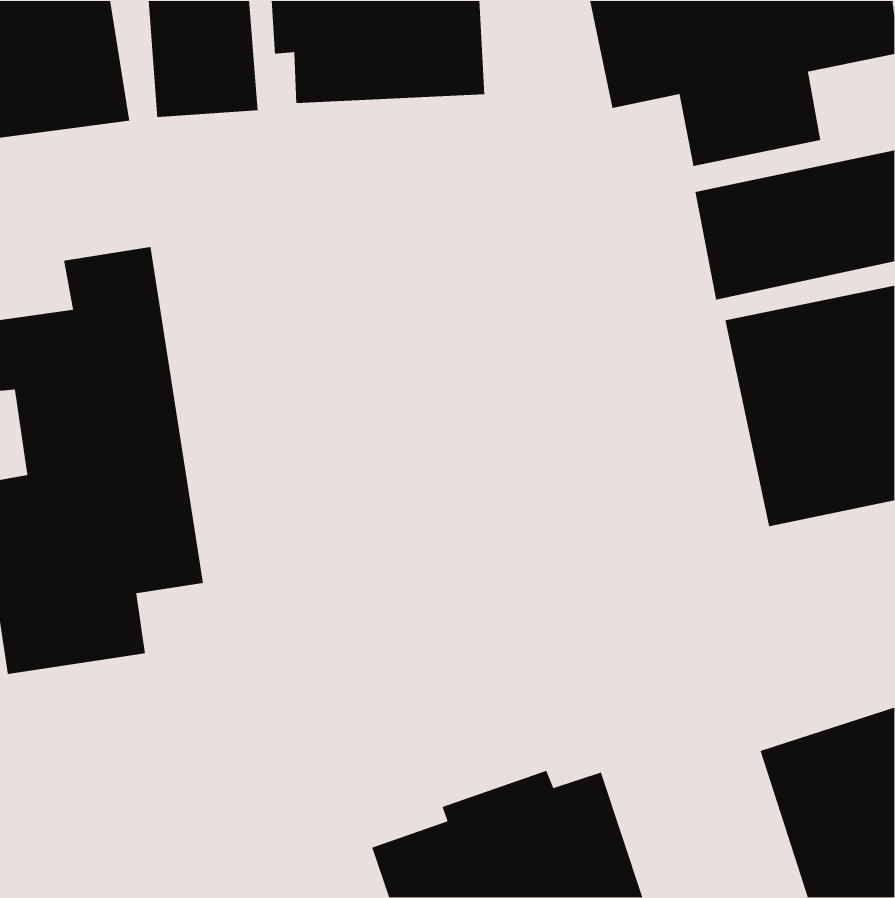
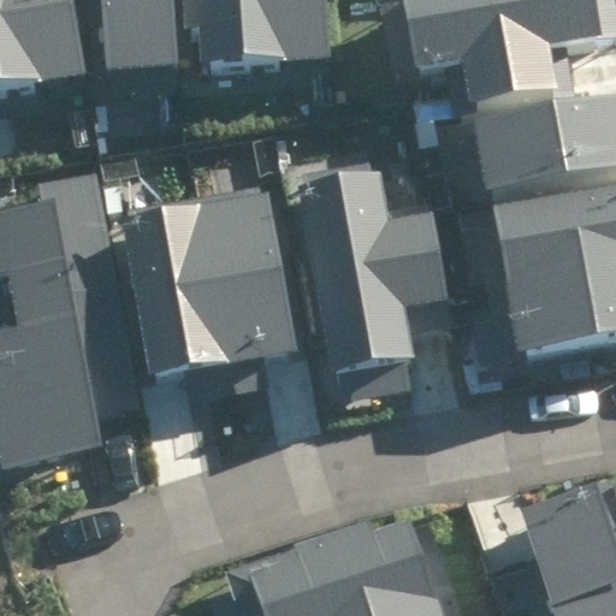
building: none -> [300,154,451,380]
building: none -> [124,186,296,401]

